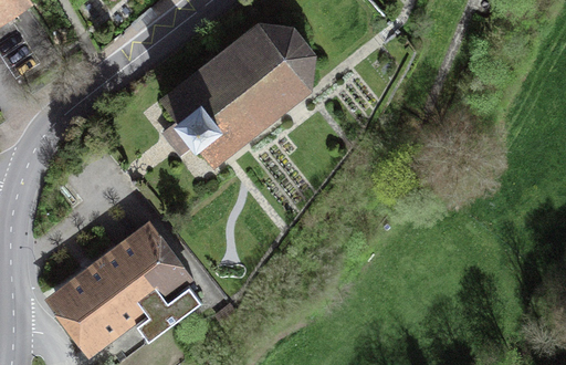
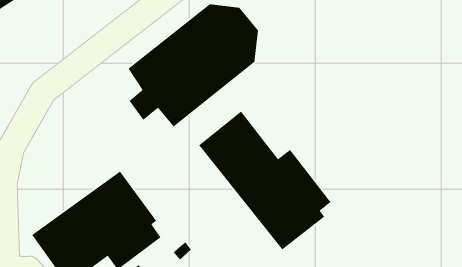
building: none -> [198,111,331,251]

